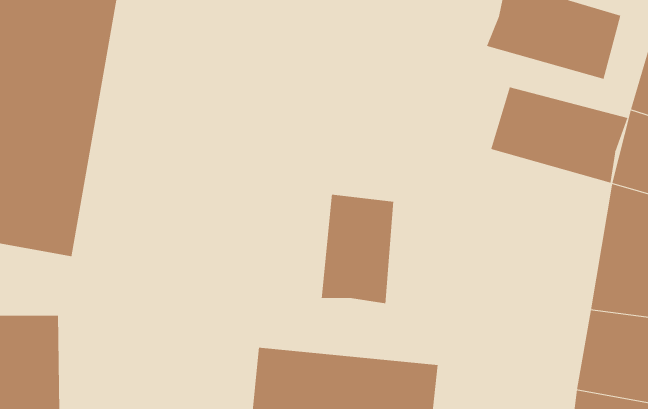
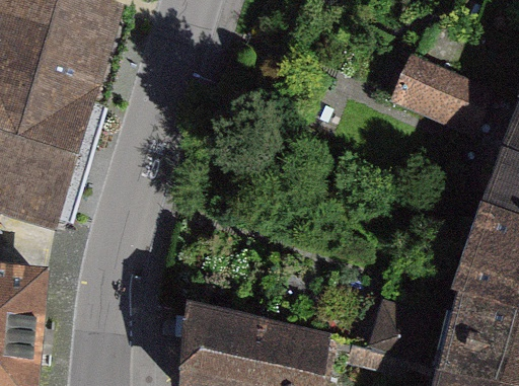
building: [490,86,628,183] -> none
building: [321,194,394,304] -> none

